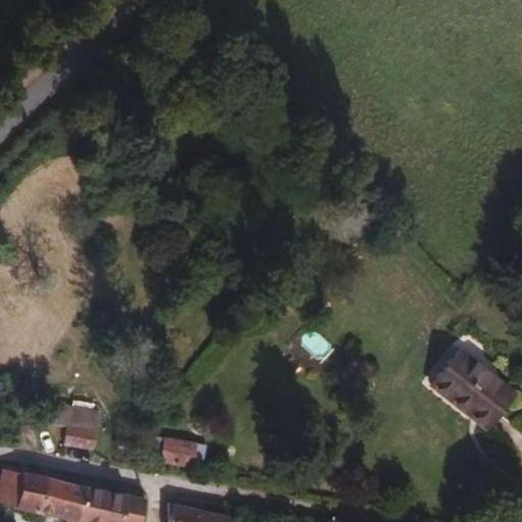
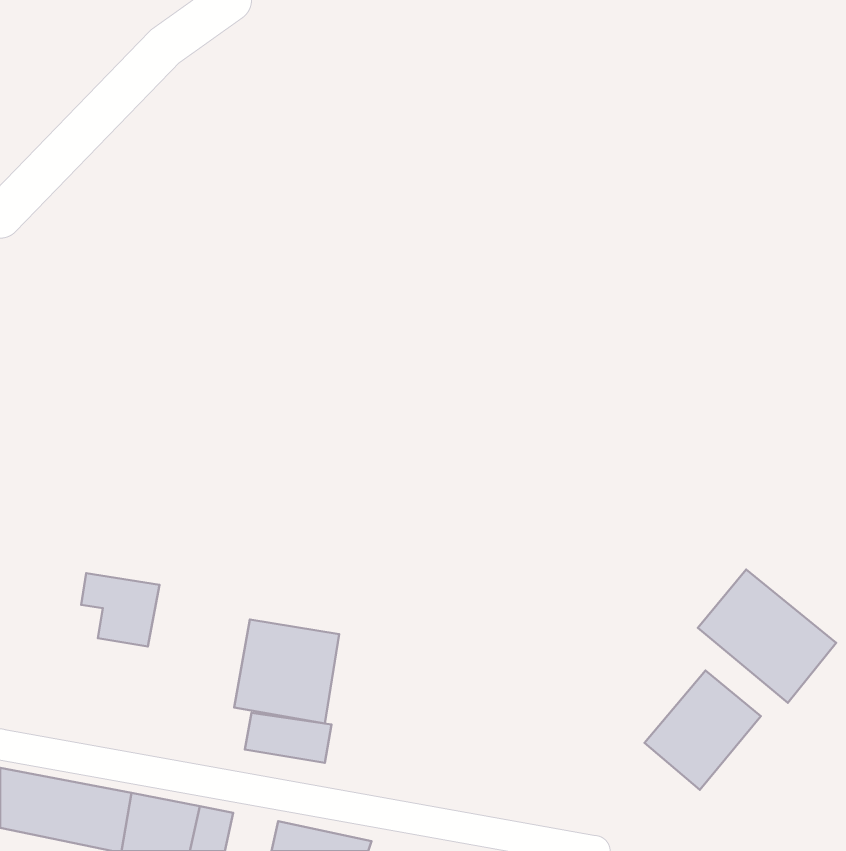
building: none -> [234,619,339,723]
building: [53,404,101,449] -> [81,573,159,646]
building: none -> [645,671,761,790]

